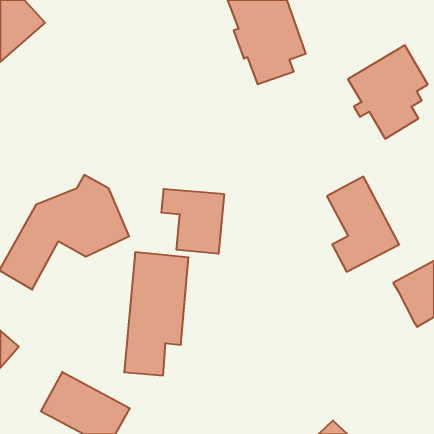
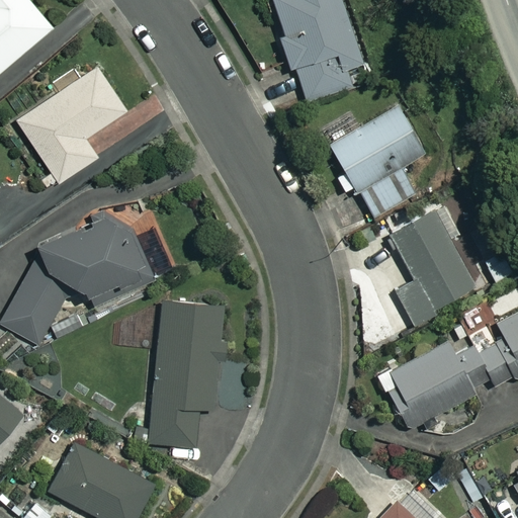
building: [348,45,428,139] -> [330,106,425,218]
building: none -> [16,67,125,183]
building: [161,189,224,254] -> none
building: none -> [379,340,493,428]

